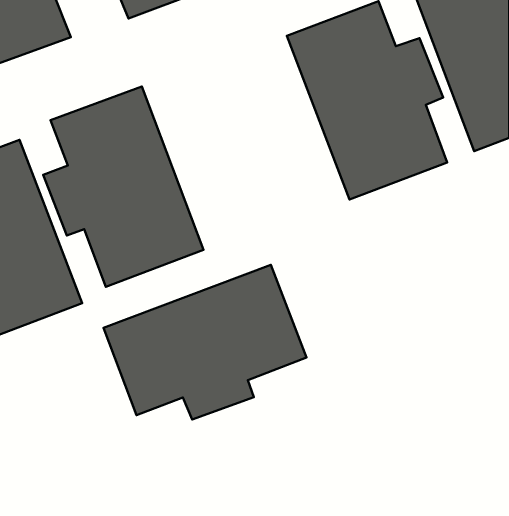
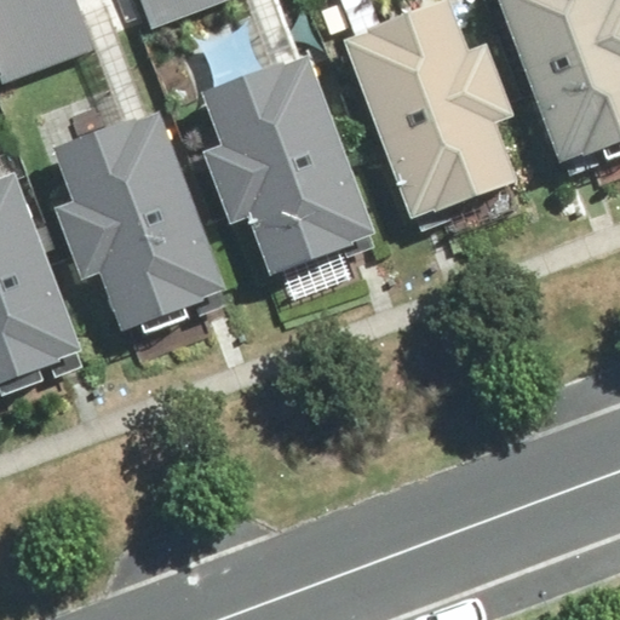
building: none -> [202,44,391,280]
building: [103,265,306,420] -> none

